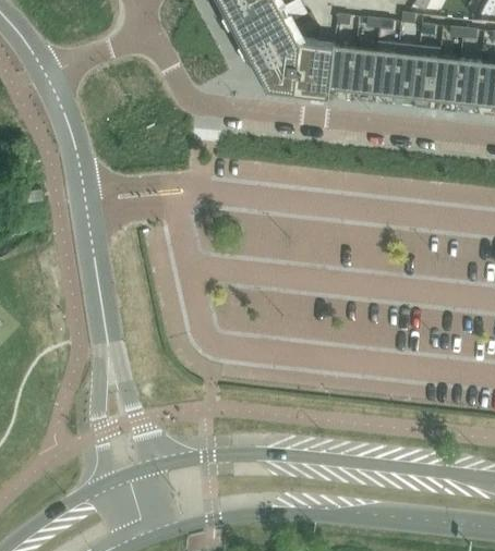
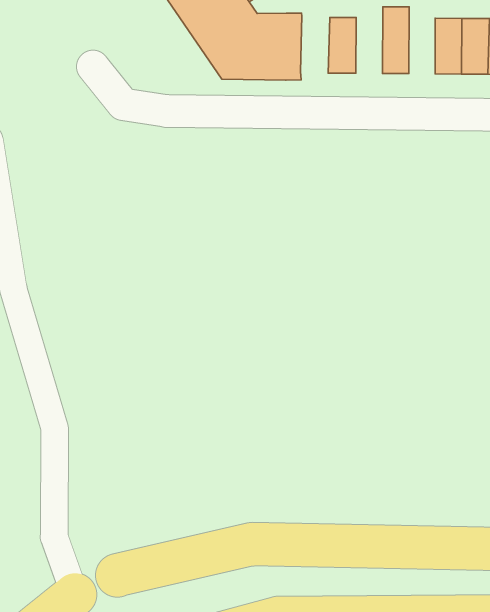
building: [373,44,399,98] -> none
building: [329,47,357,94] -> none
building: [414,48,440,102] -> none

